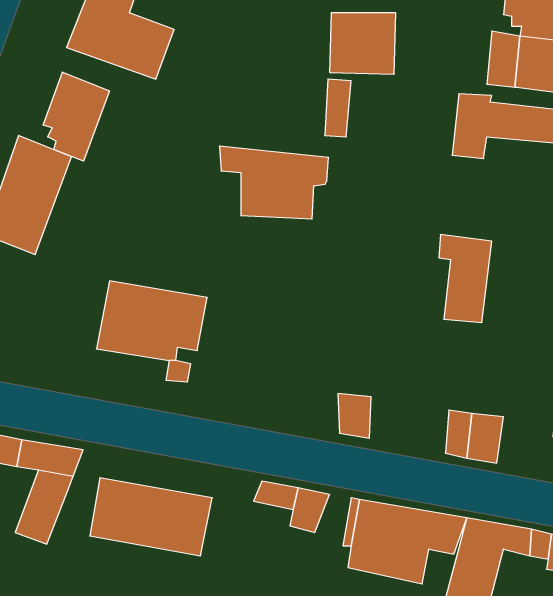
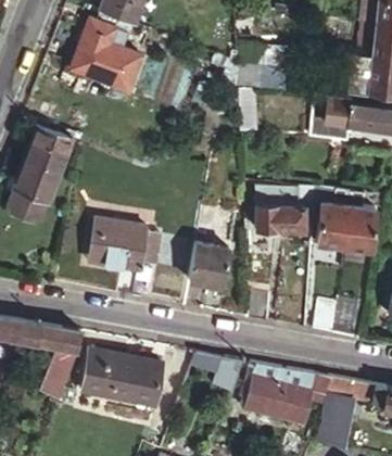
building: [43,72,110,161] -> none
building: [219,146,329,219] -> [243,185,315,232]
building: none -> [342,197,374,253]
building: none -> [189,248,232,291]

